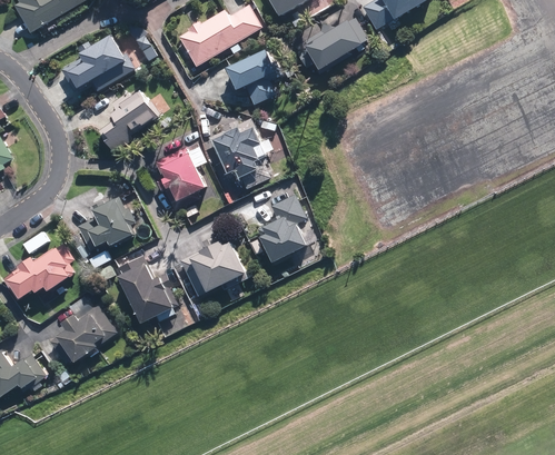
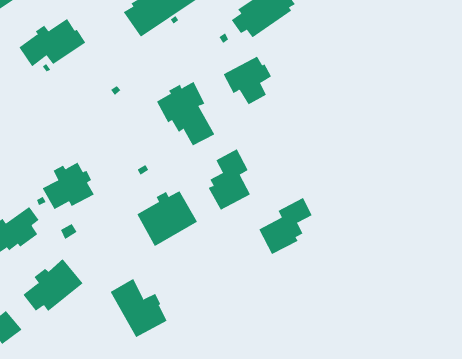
building: [227,51,280,105] -> [223,56,272,105]
building: [99,90,158,151] -> none
building: [153,147,204,211] -> none
building: none -> [258,197,313,255]
building: [115,256,176,322] -> [110,278,167,338]

